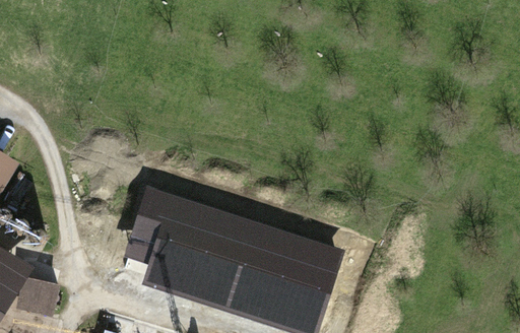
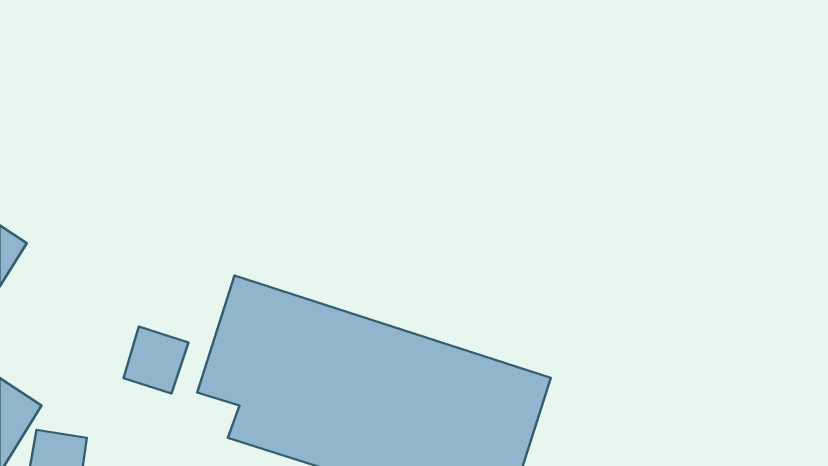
building: none -> [123,327,189,393]

